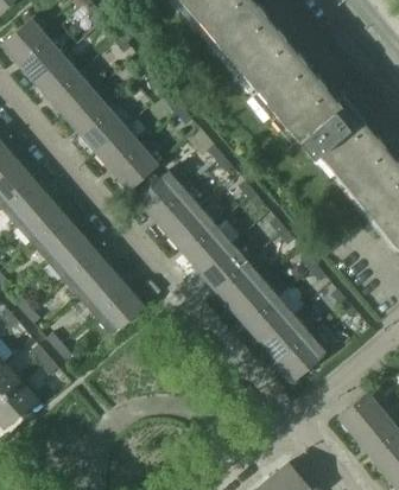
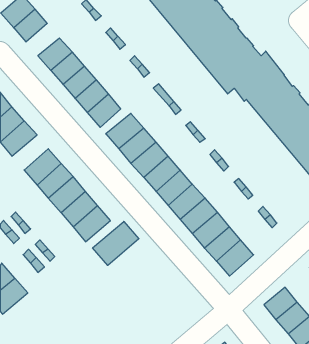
building: [36,56,78,97] -> none
building: [18,198,64,243] -> none
building: none -> [93,221,139,265]

